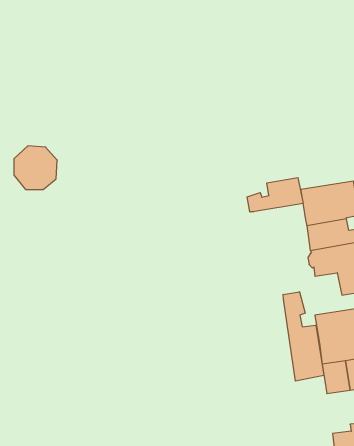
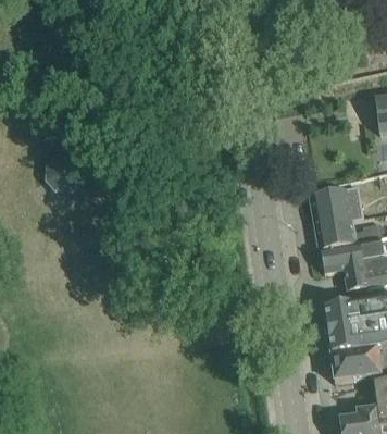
building: [247,178,303,212] -> none
building: [283,292,324,381] -> none

